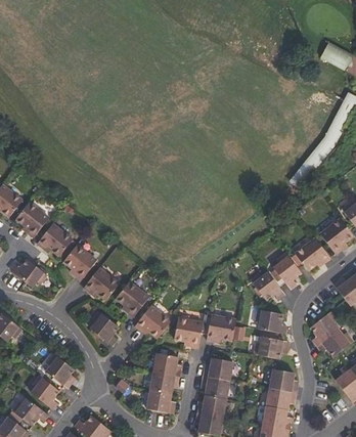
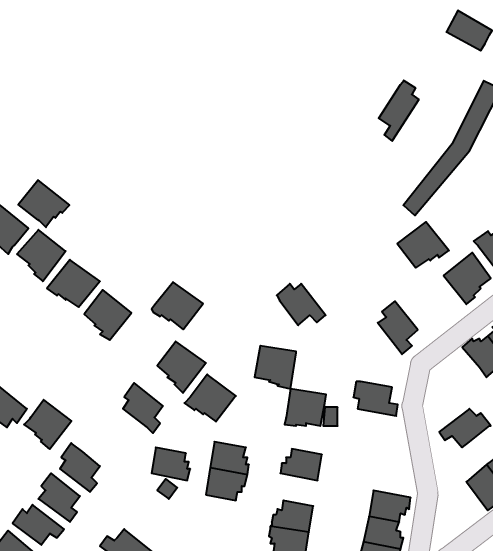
building: none -> [379,80,419,141]
building: none -> [18,180,69,227]
building: [294,237,330,270] -> [397,222,449,268]
building: [11,259,47,288] -> none
building: [83,267,120,301] -> [152,282,203,329]
building: [250,271,284,301] -> [277,284,326,325]
building: [309,310,338,345] -> none
building: [173,316,203,347] -> [255,346,296,389]
building: none -> [24,400,71,449]
building: [254,336,288,358] -> none
building: [269,368,297,392] -> none
building: [202,375,229,398] -> none
building: [146,390,174,413] -> [152,447,190,480]

